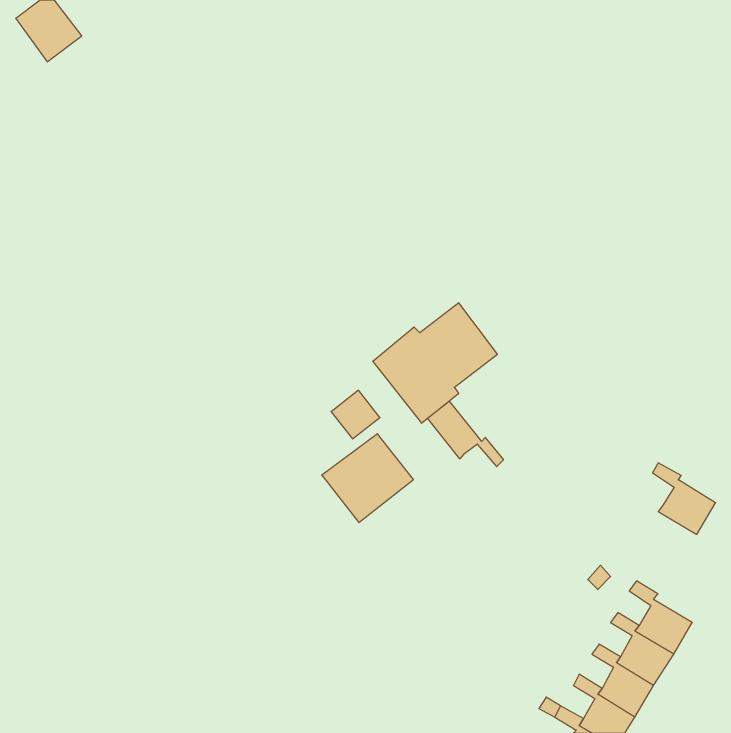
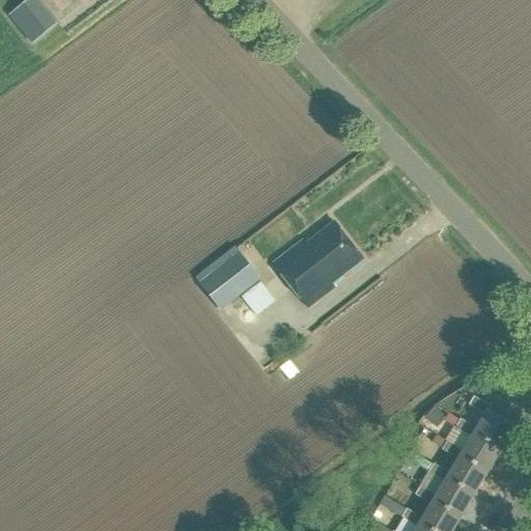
building: [427,401,503,467] -> none
building: [322,434,413,523] -> [193,247,259,311]
building: [653,463,716,534] -> [469,398,514,450]

